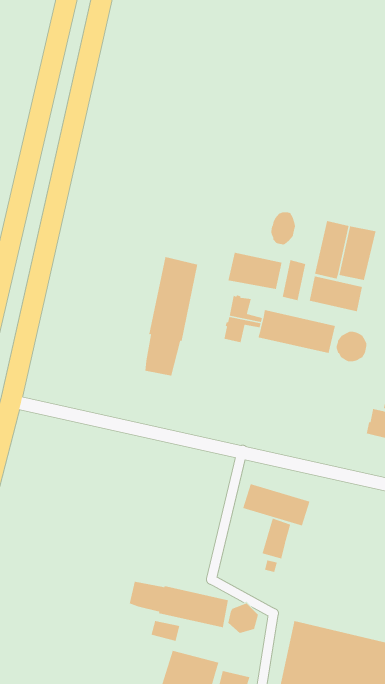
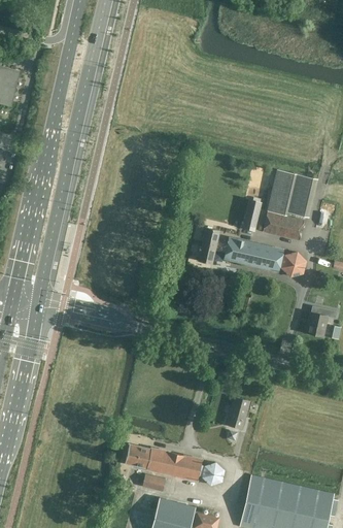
building: [271,211,296,245] -> none
building: [228,252,282,290] -> none
building: [144,256,198,377] -> none
building: [242,483,310,526] -> none

